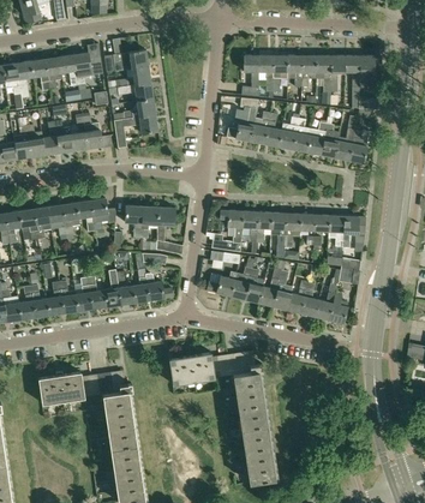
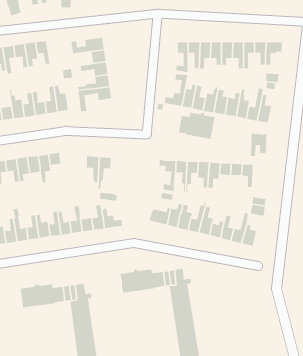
building: [73,53,102,102] -> none
building: none -> [178,112,216,140]
building: [90,198,116,232] -> none
building: [156,208,182,255] -> none
building: [342,216,365,247] -> [250,133,268,157]

